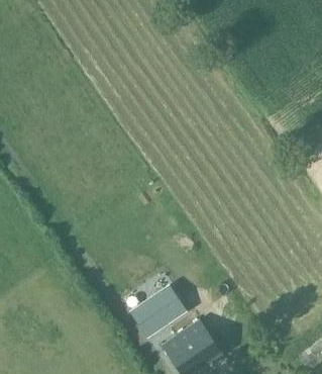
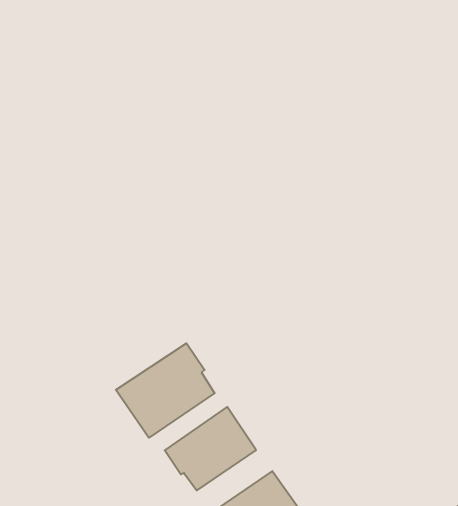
building: none -> [116,343,215,438]

